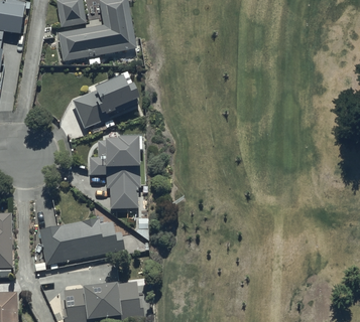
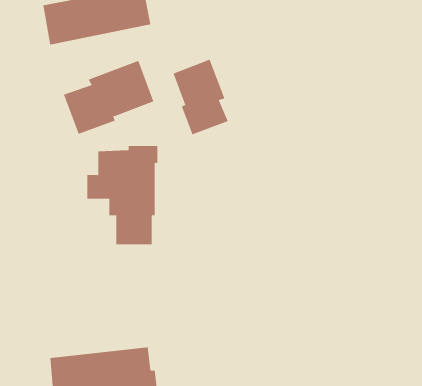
building: none -> [173,59,228,135]
building: [34,218,124,271] -> none

